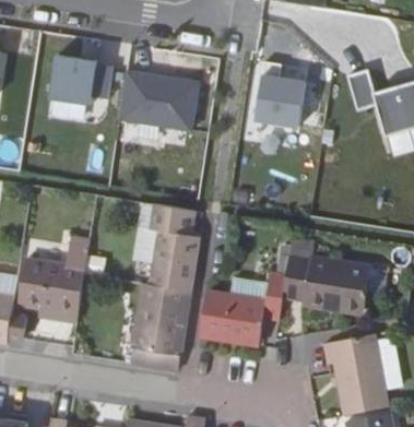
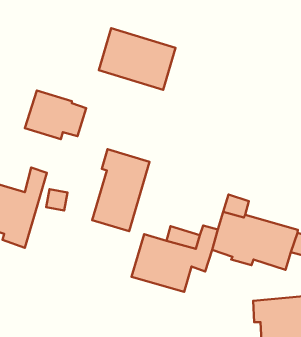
building: [55,55,118,104] -> [25,90,86,139]
building: [260,62,310,127] -> none
building: [117,280,178,368] -> none

